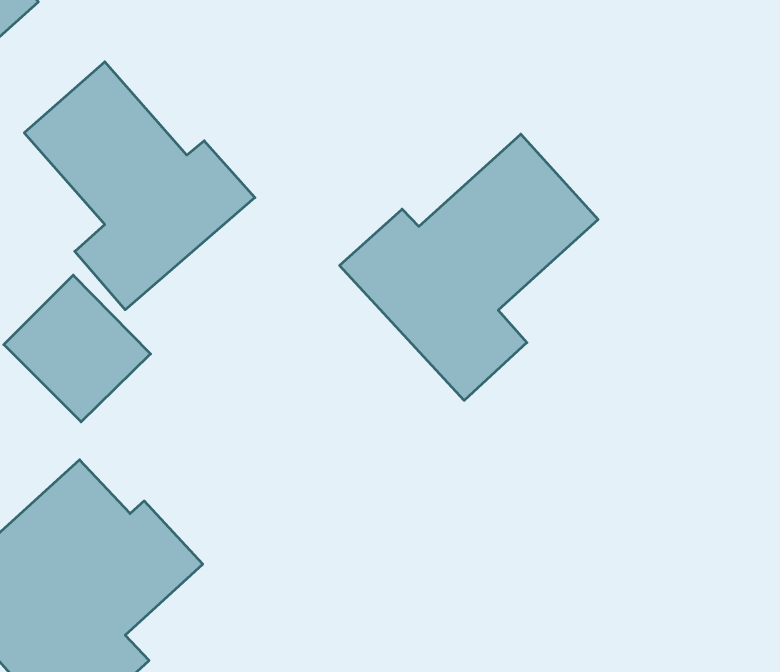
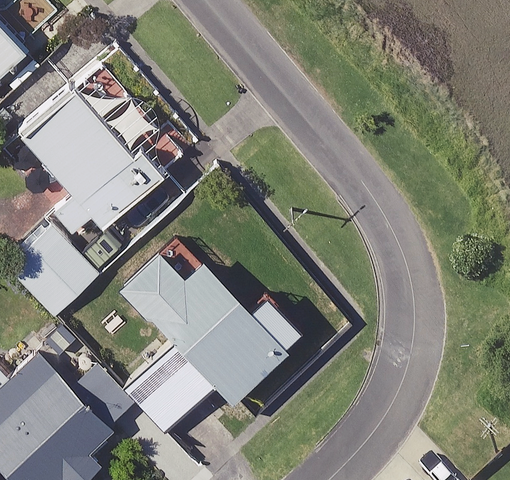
building: [340,134,598,400] -> none
building: none -> [114,248,285,429]

